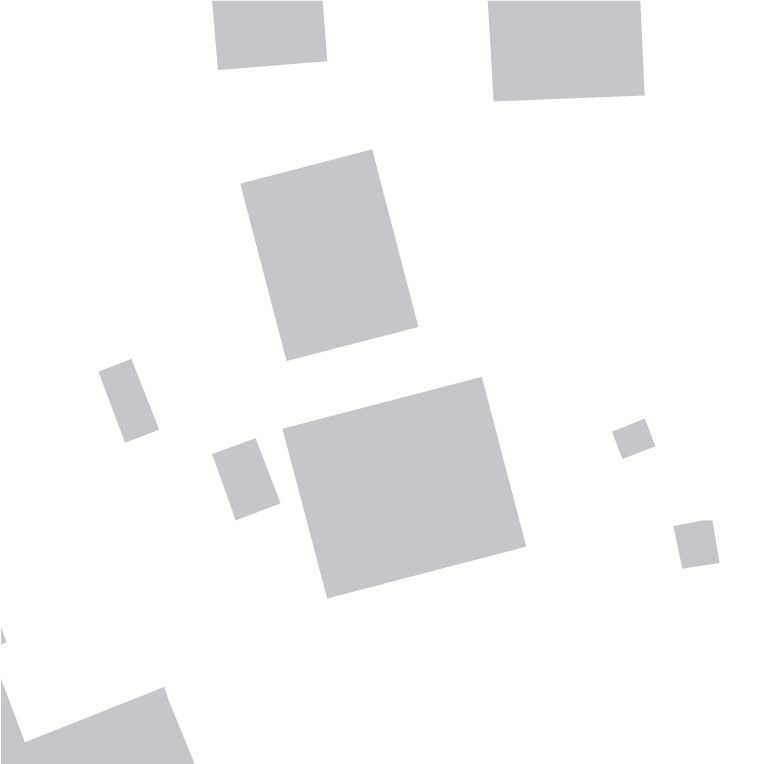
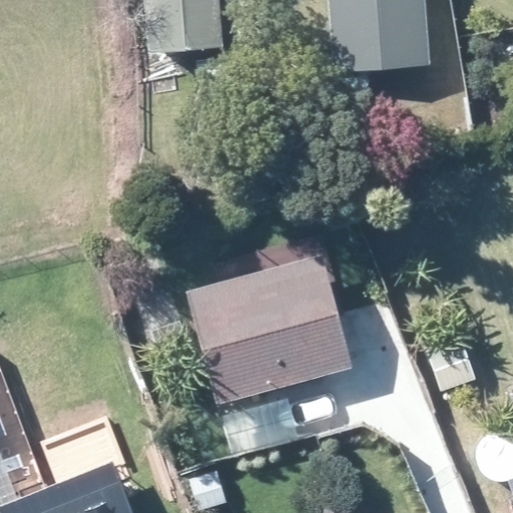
building: [239,149,419,362] -> none

